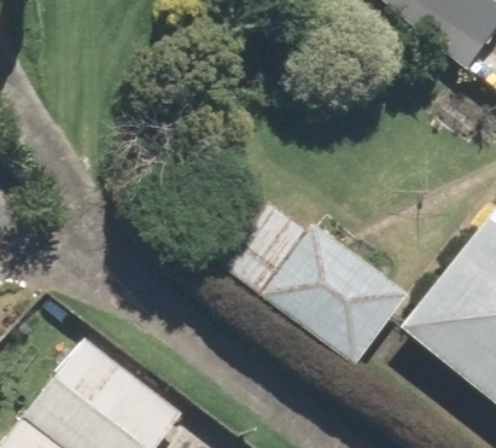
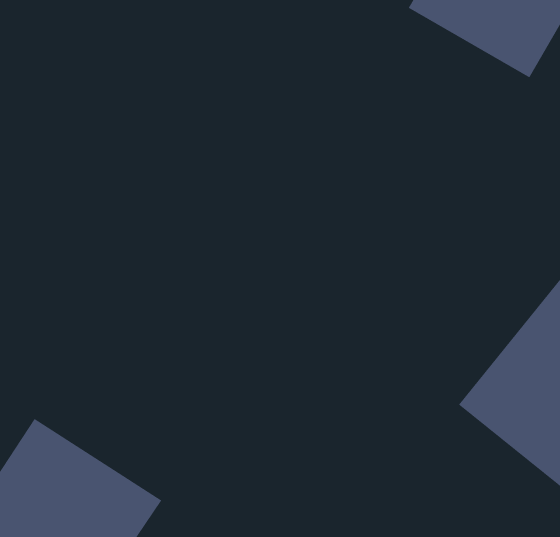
building: [269,237,395,357] -> none

